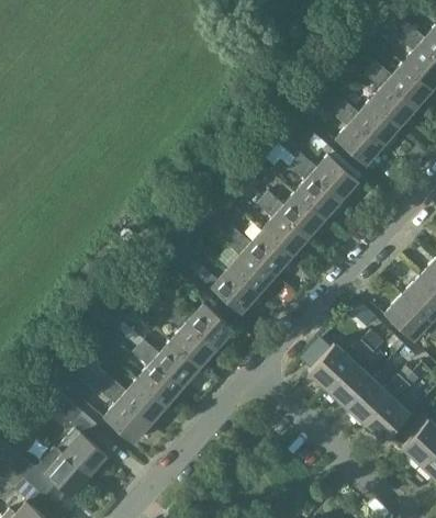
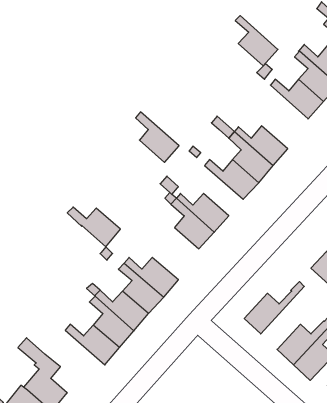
building: [333,109,381,166] -> [235,16,278,66]
building: [258,200,308,257] -> [136,112,179,162]
building: [197,269,257,314] -> [67,207,120,247]
building: [327,337,383,408] -> none
building: [67,369,150,444] -> none

